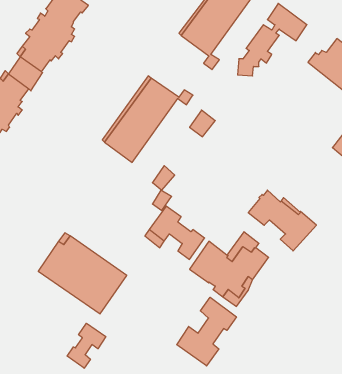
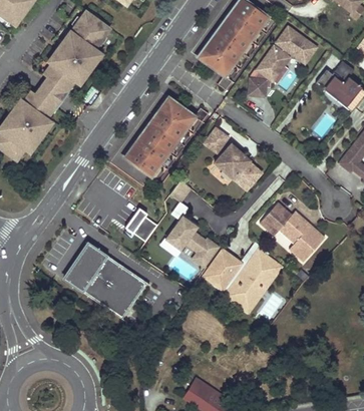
building: none -> [216,143,263,189]
building: none -> [126,208,158,242]
building: [177,297,236,366] -> none
building: [67,323,106,368] -> none

